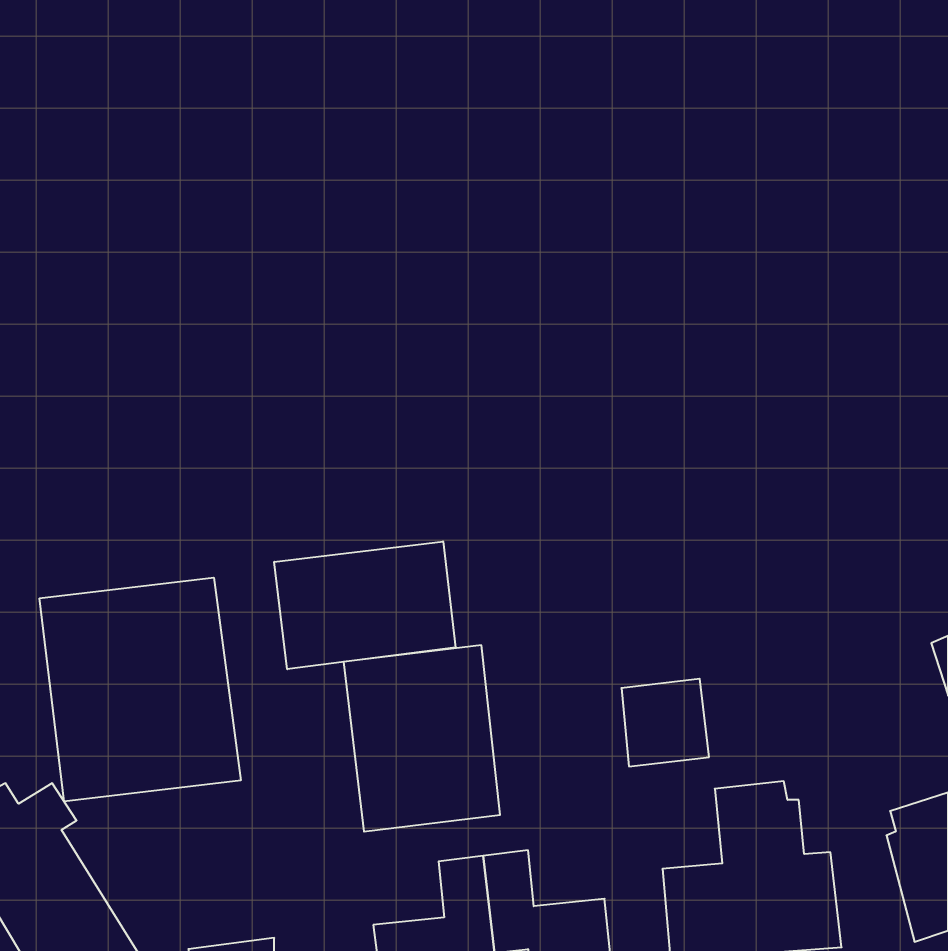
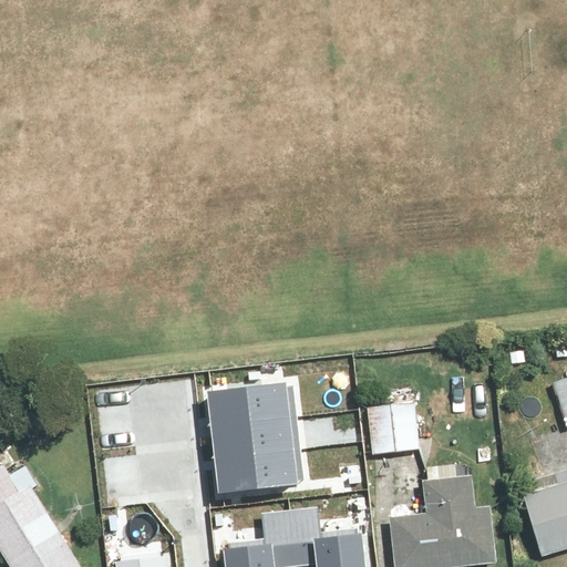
building: [274,541,456,669] -> none
building: [40,578,241,802] -> none

